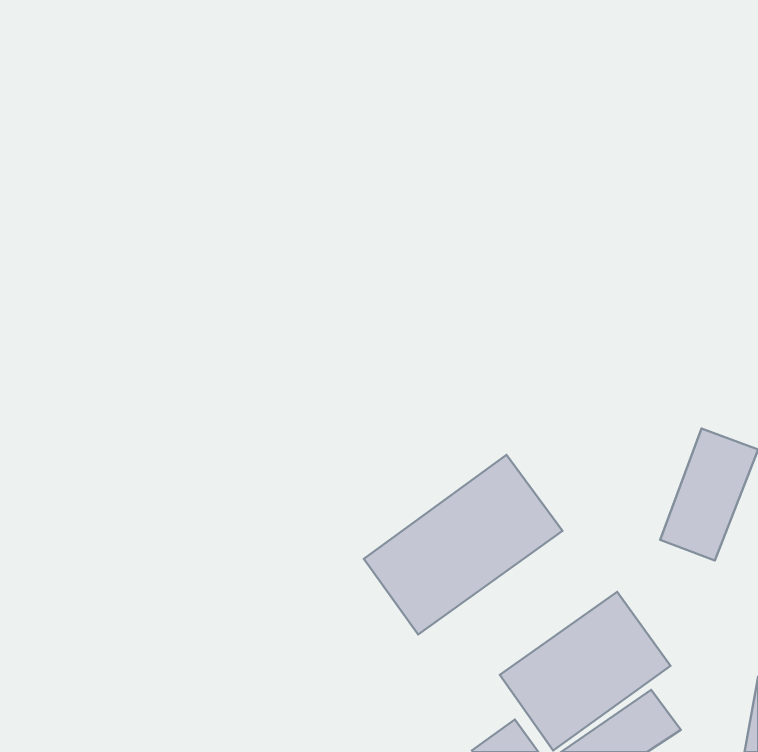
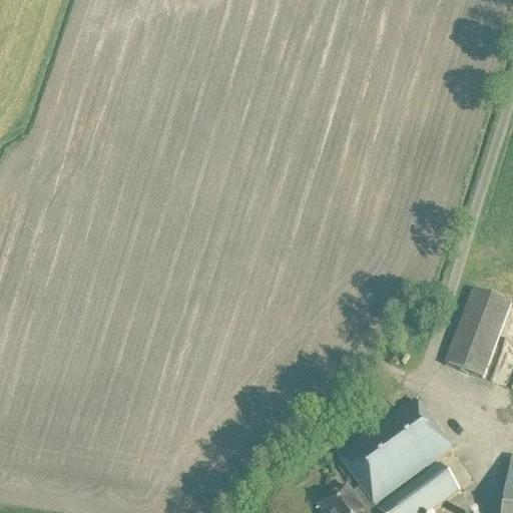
building: [364,455,563,634] -> none

